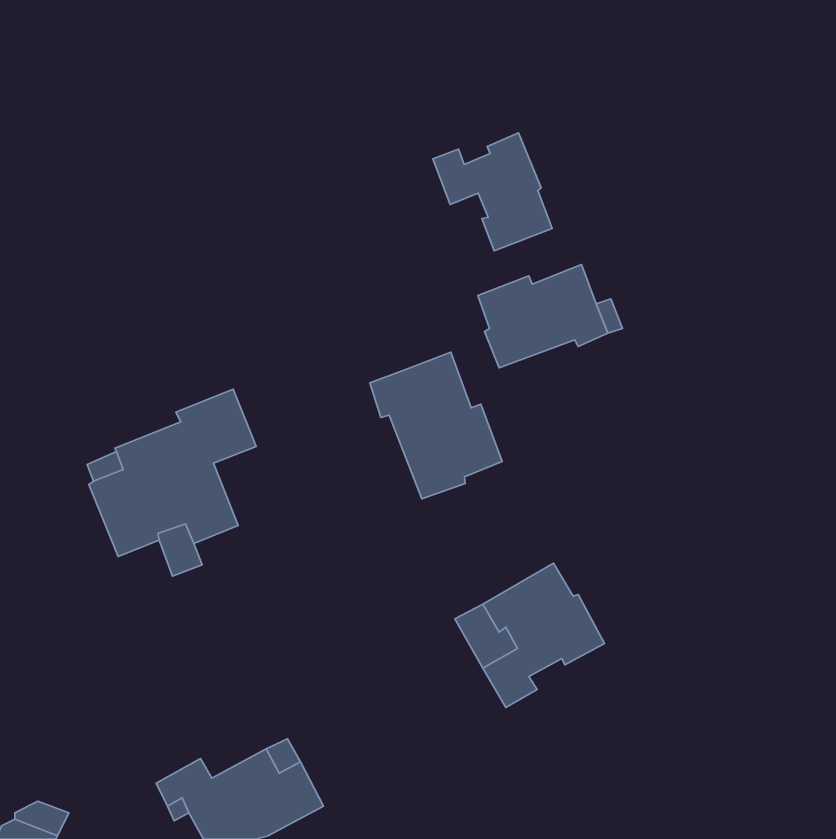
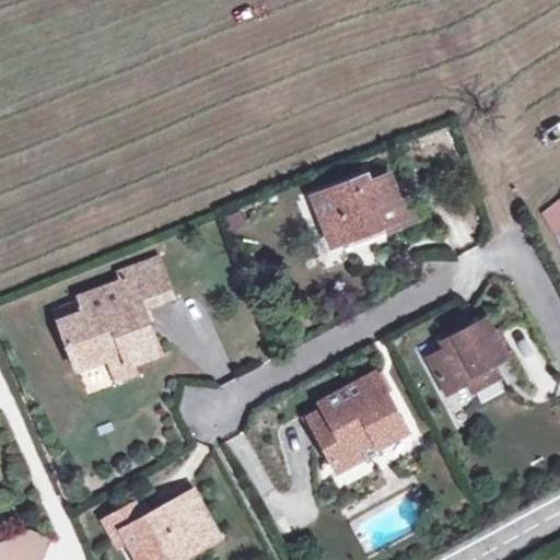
building: [433,133,552,251] -> none
building: [370,352,502,499] -> none
building: none -> [427,320,504,393]

